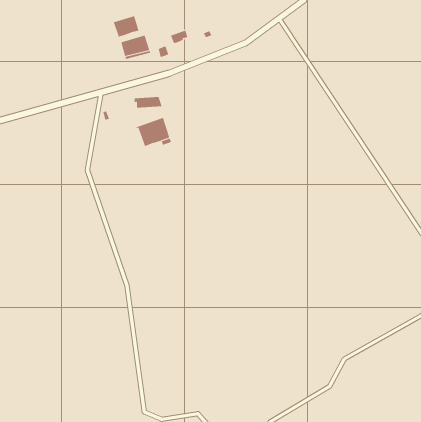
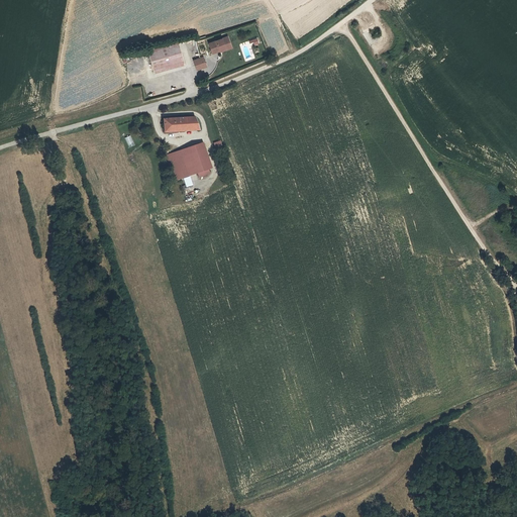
building: [113,15,139,37] -> none

